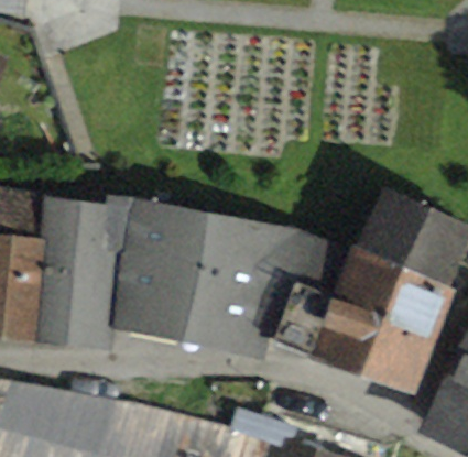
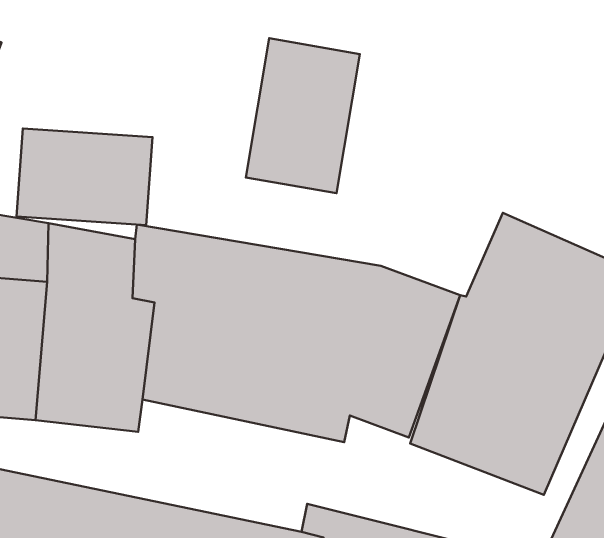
building: none -> [246,38,360,193]
building: none -> [17,128,153,225]

